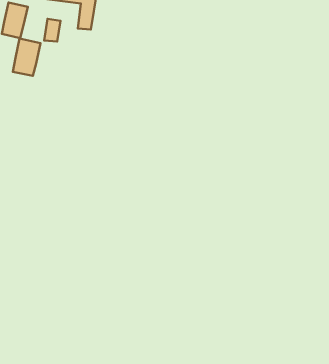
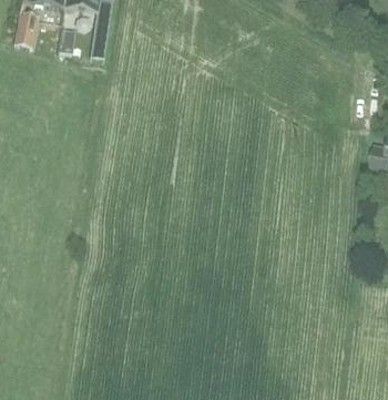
building: [13,39,41,76] -> none

